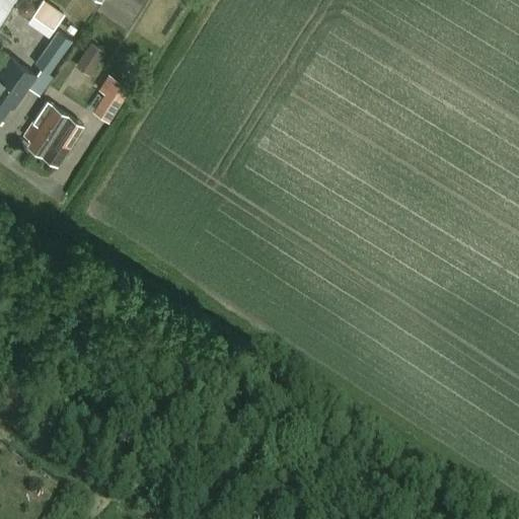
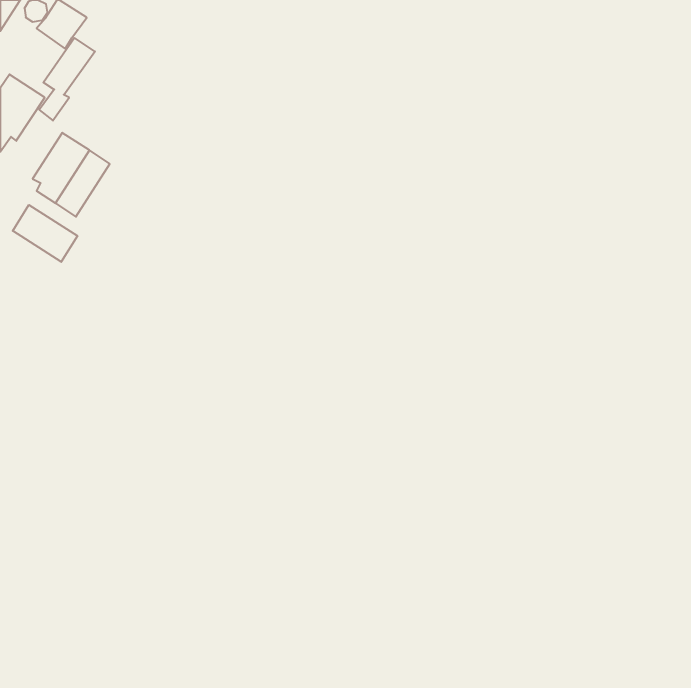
building: [76,45,106,78] -> none
building: [92,76,129,122] -> none
building: none -> [13,205,77,262]

